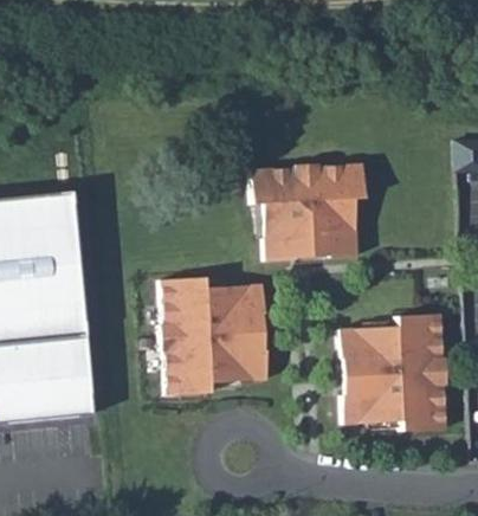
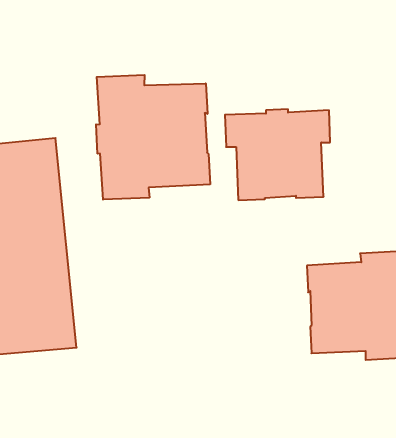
building: none -> [96,75,210,200]
building: [162,276,270,393] -> none

